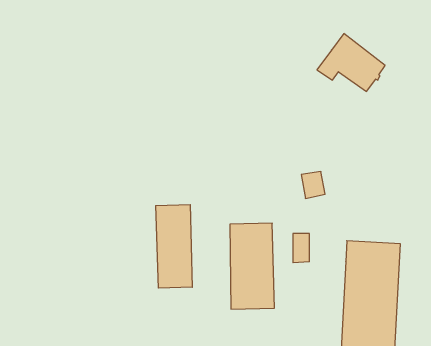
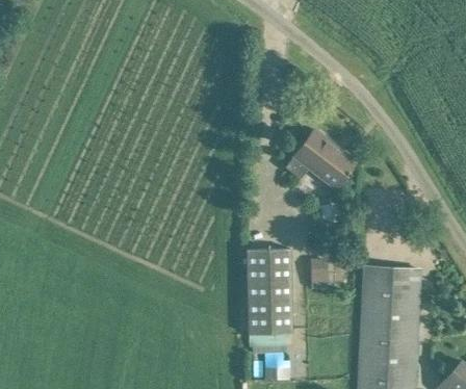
building: [317,34,385,91] -> [287,129,356,187]
building: [156,205,192,288] -> none

